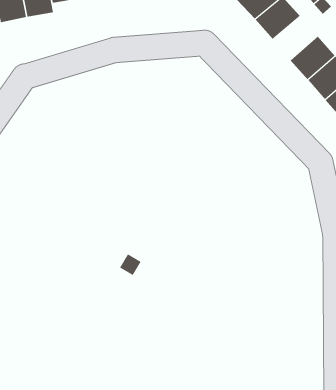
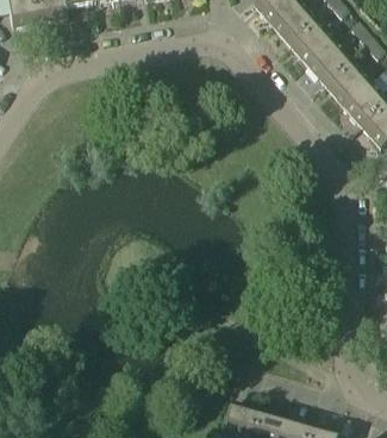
building: none -> [288,20,335,65]

